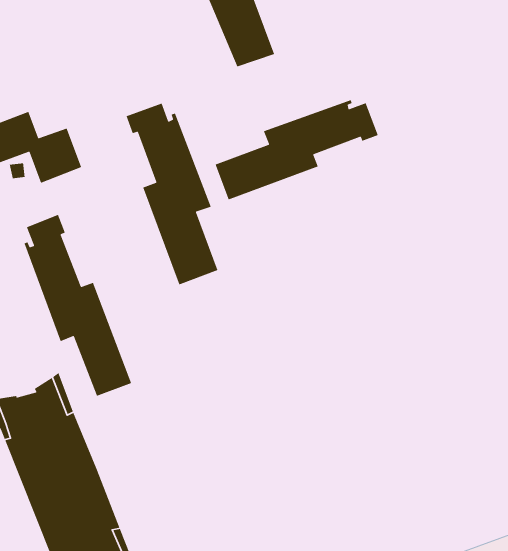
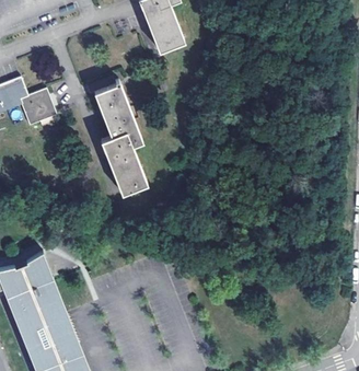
building: [215,99,379,201] -> none
building: [24,214,132,397] -> none

